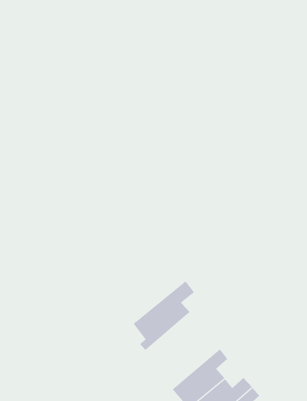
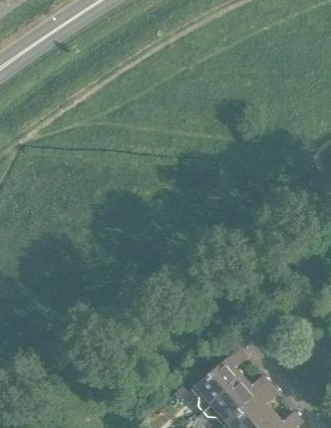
building: [133,281,195,351] -> none

